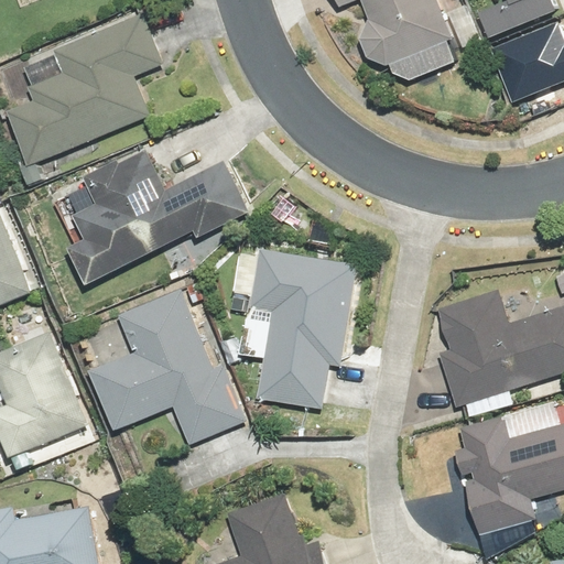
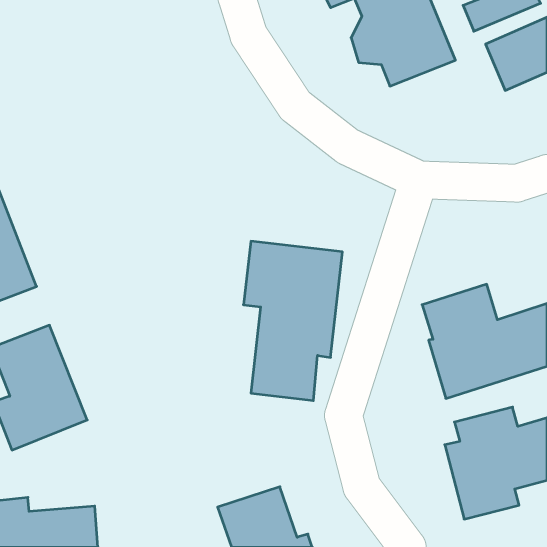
building: [8,20,161,161] -> none
building: [72,153,245,275] -> none
building: [94,283,238,441] -> none

